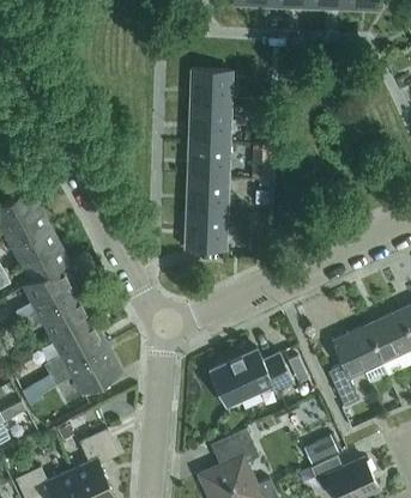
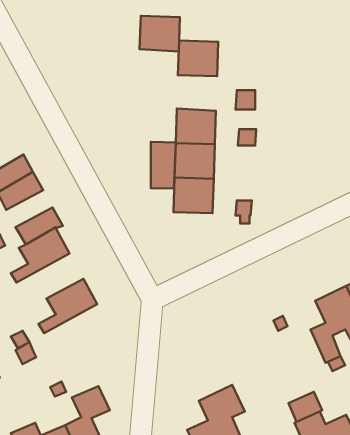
building: [188,107,230,144] -> [140,16,180,52]
building: none -> [151,142,176,188]
building: [11,226,59,265] -> none
building: [22,292,91,339] -> none
building: [41,345,120,393] -> none
building: [210,348,294,407] -> none

